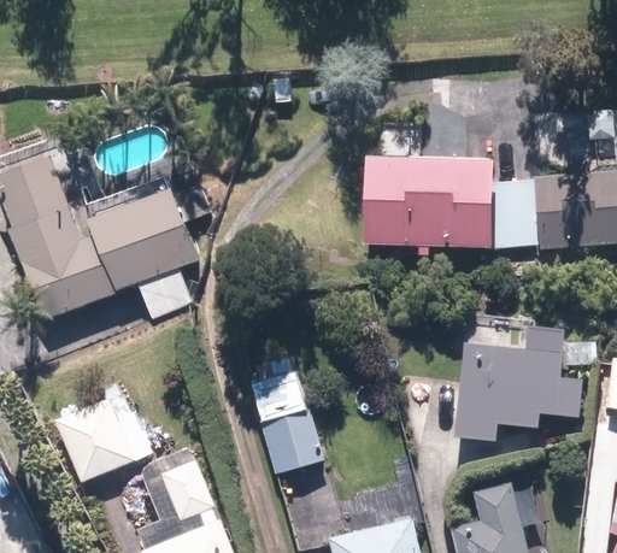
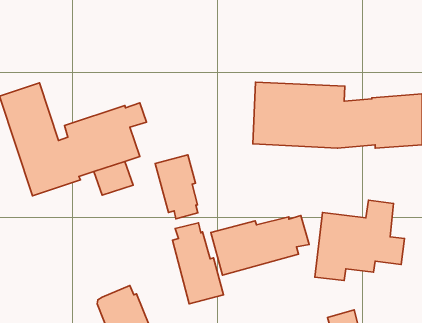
building: none -> [155,155,198,219]
building: none -> [211,216,309,275]
building: [53,398,152,482] -> none

